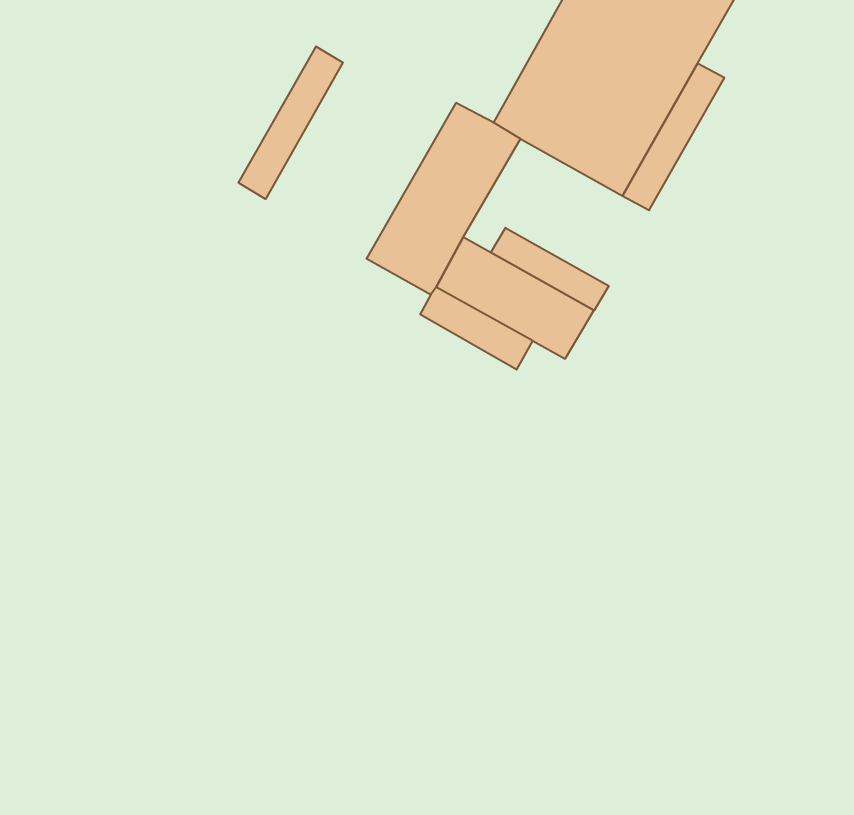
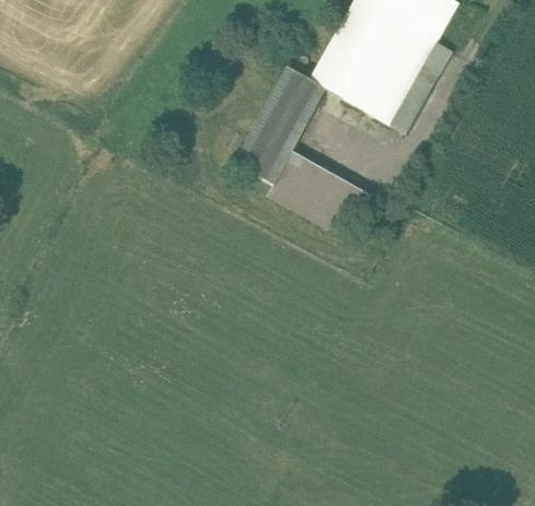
building: [239,46,343,199] -> none
building: [491,228,609,311] -> none

